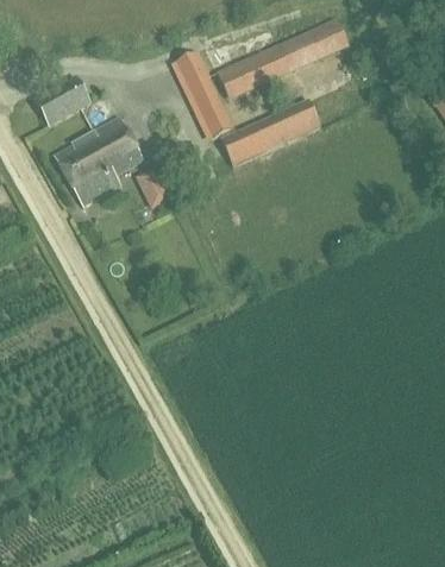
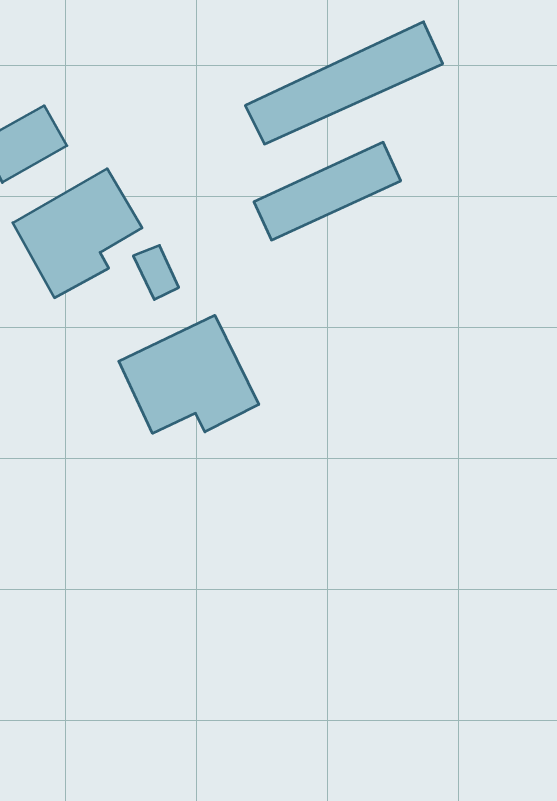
building: [173,49,233,138] -> none
building: none -> [119,315,259,433]

